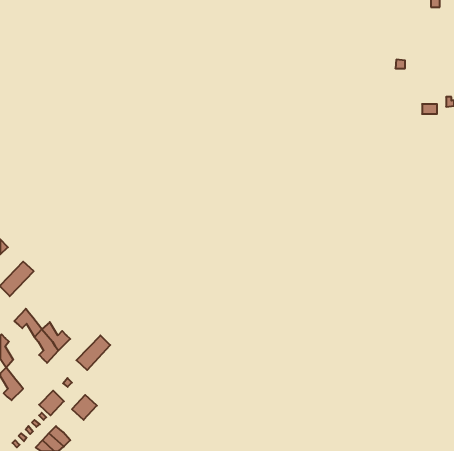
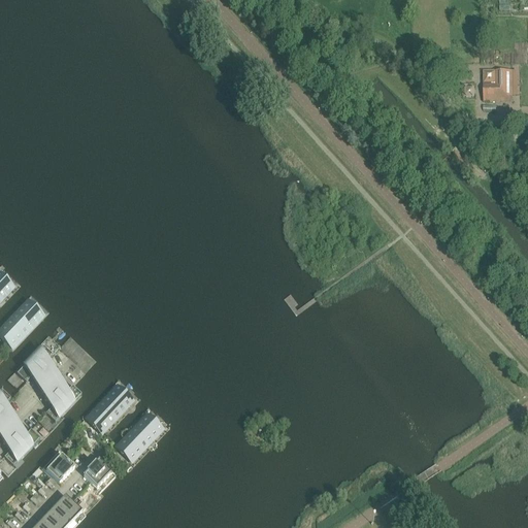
building: none -> [484,68,517,99]
building: none -> [30,343,58,382]
building: none -> [7,417,40,451]
building: none -> [119,418,158,458]

